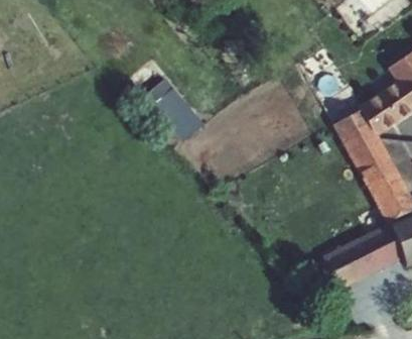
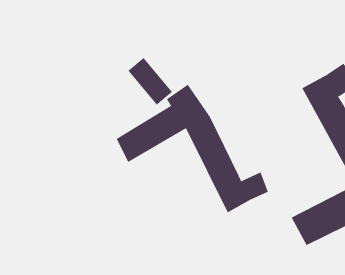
building: none -> [116,84,269,213]

